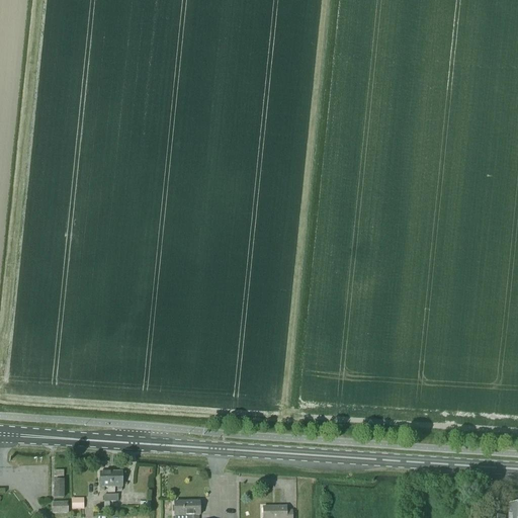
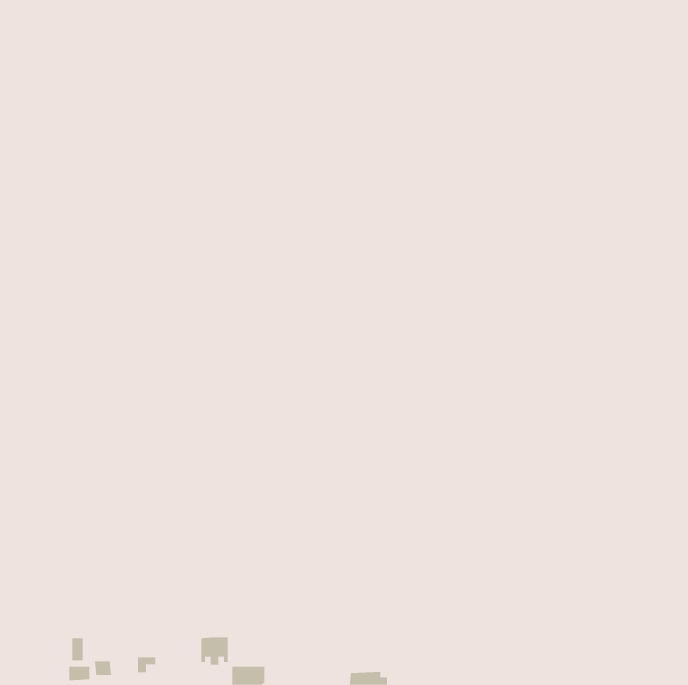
building: [100,470,121,492] -> [200,637,229,665]

